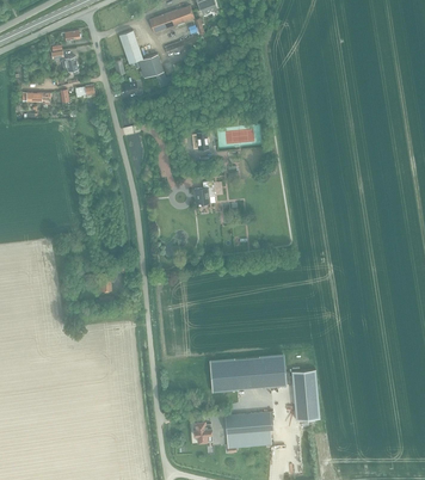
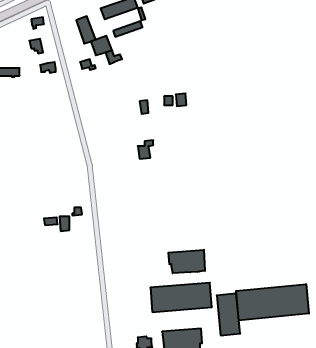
building: none -> [168,250,205,273]
building: none -> [236,284,309,320]

